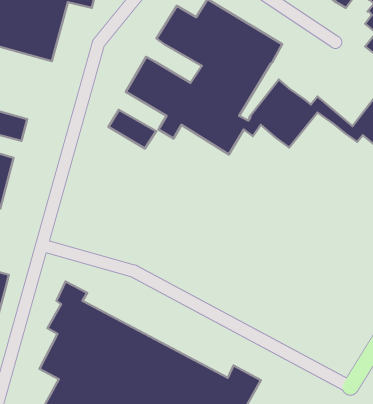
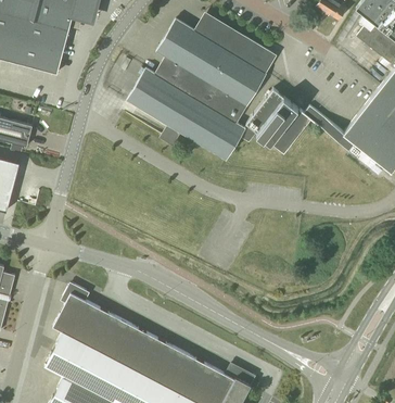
building: [109,110,156,148] -> [154,55,200,92]

